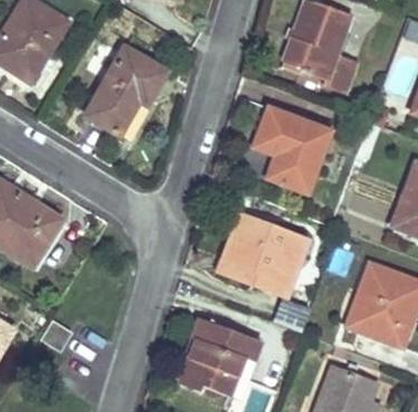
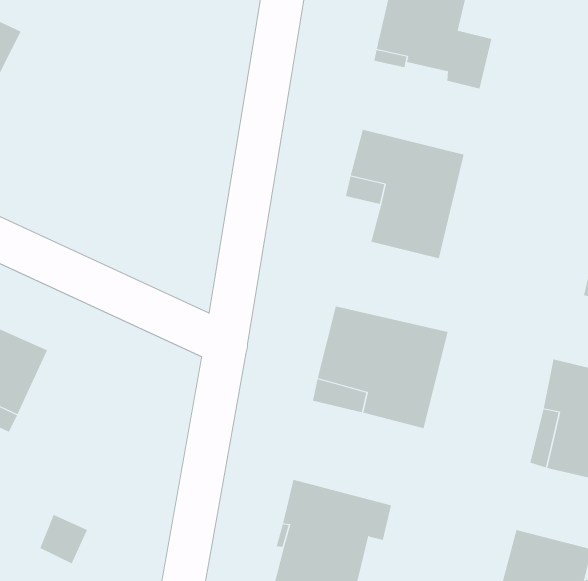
building: [84,46,166,135] -> none

